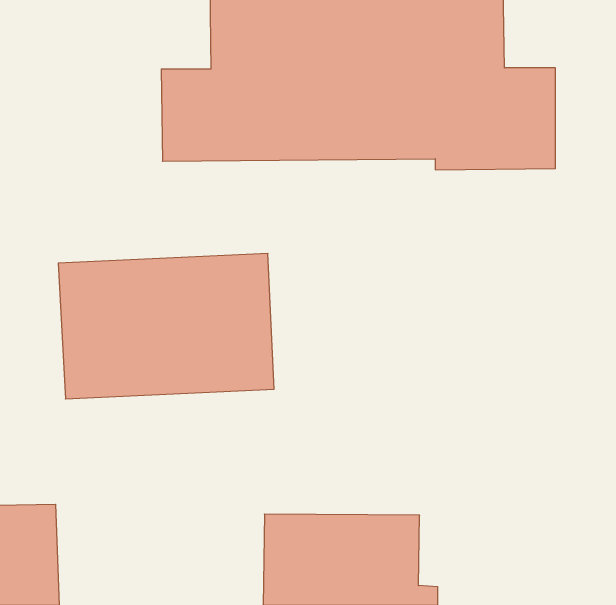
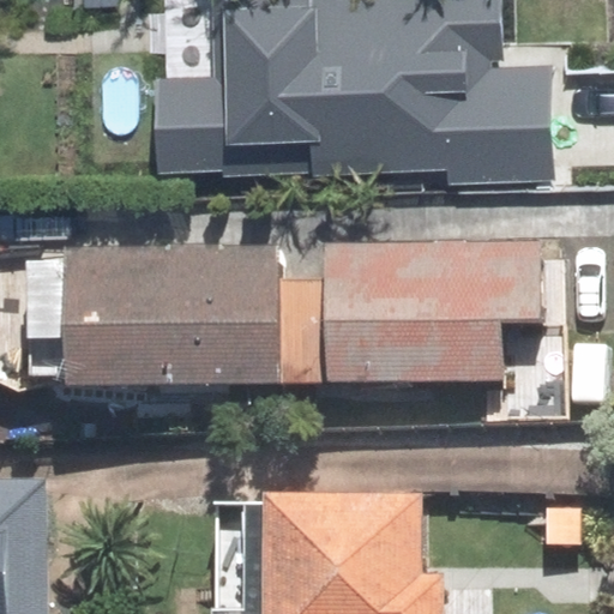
building: none -> [327,245,543,383]

